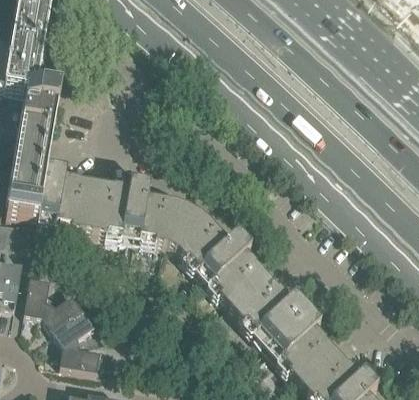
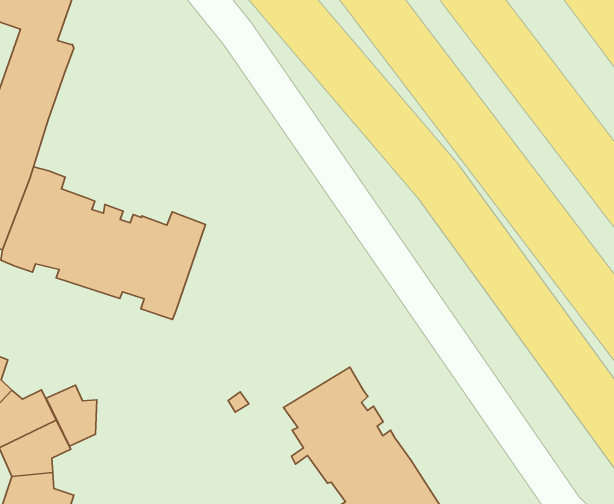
building: [142,196,251,282] -> none
building: none -> [46,385,97,446]

